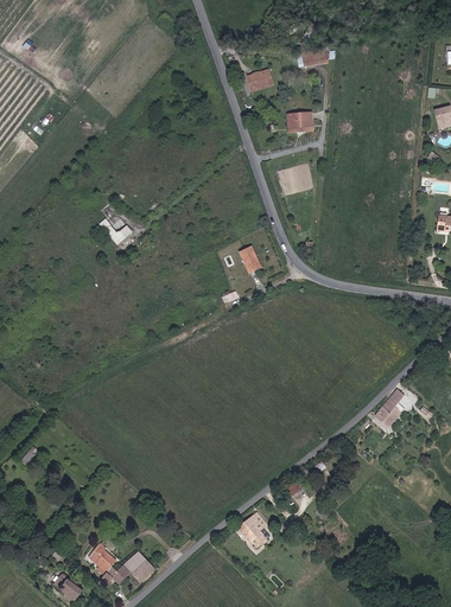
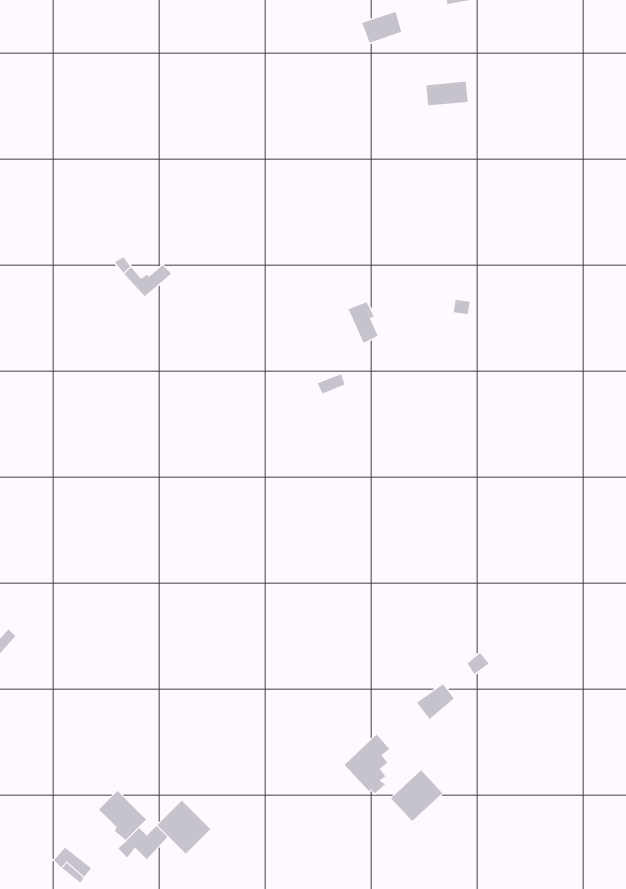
building: [374,389,404,427] -> none
building: none -> [390,769,443,822]

